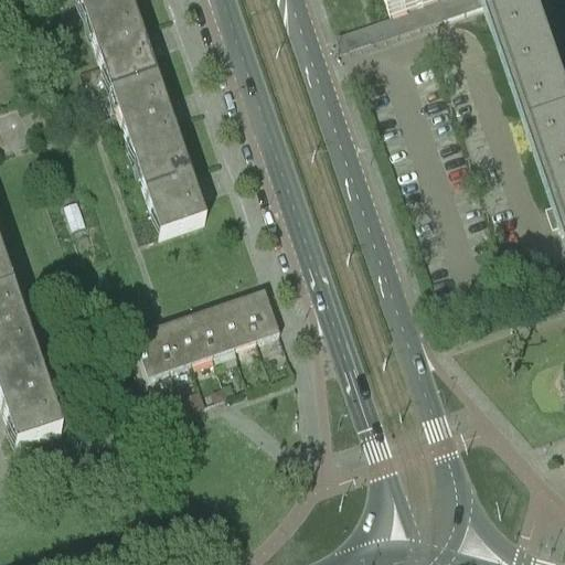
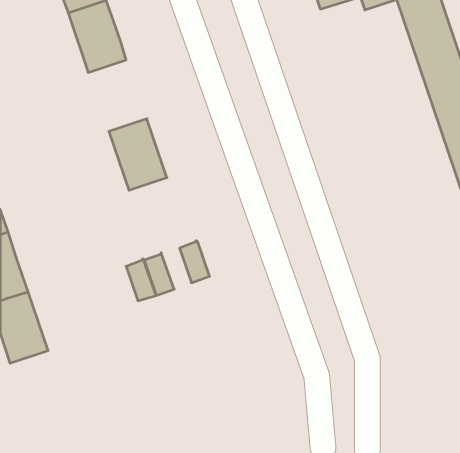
building: [111,73,183,160] -> none
building: [245,286,281,337] -> none
building: [201,301,237,352] -> none
building: [135,323,172,375] -> none

